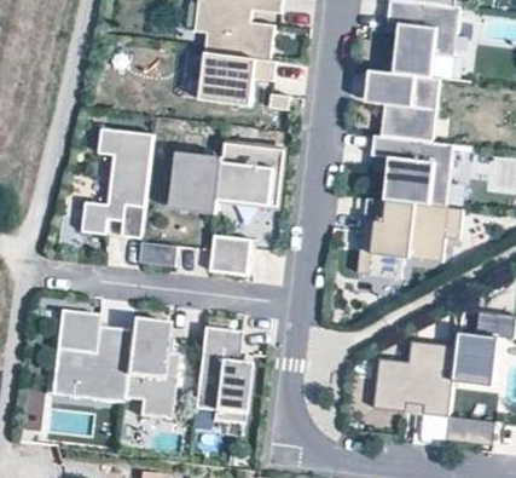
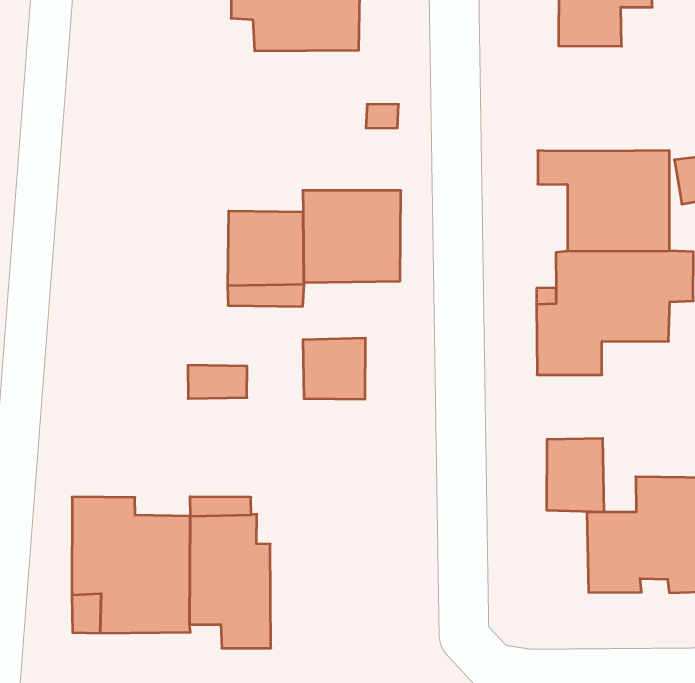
building: [199,52,276,105] -> none
building: [364,68,439,142] -> none
building: [82,125,155,237] -> none
building: none -> [547,438,604,512]
building: [191,330,249,427] -> none

